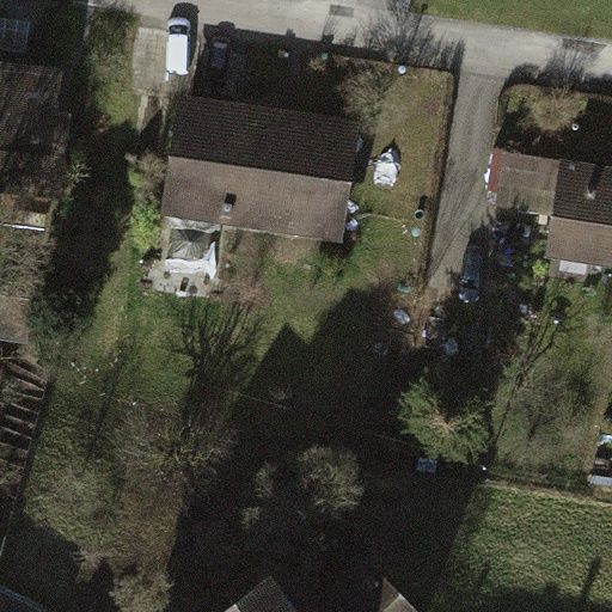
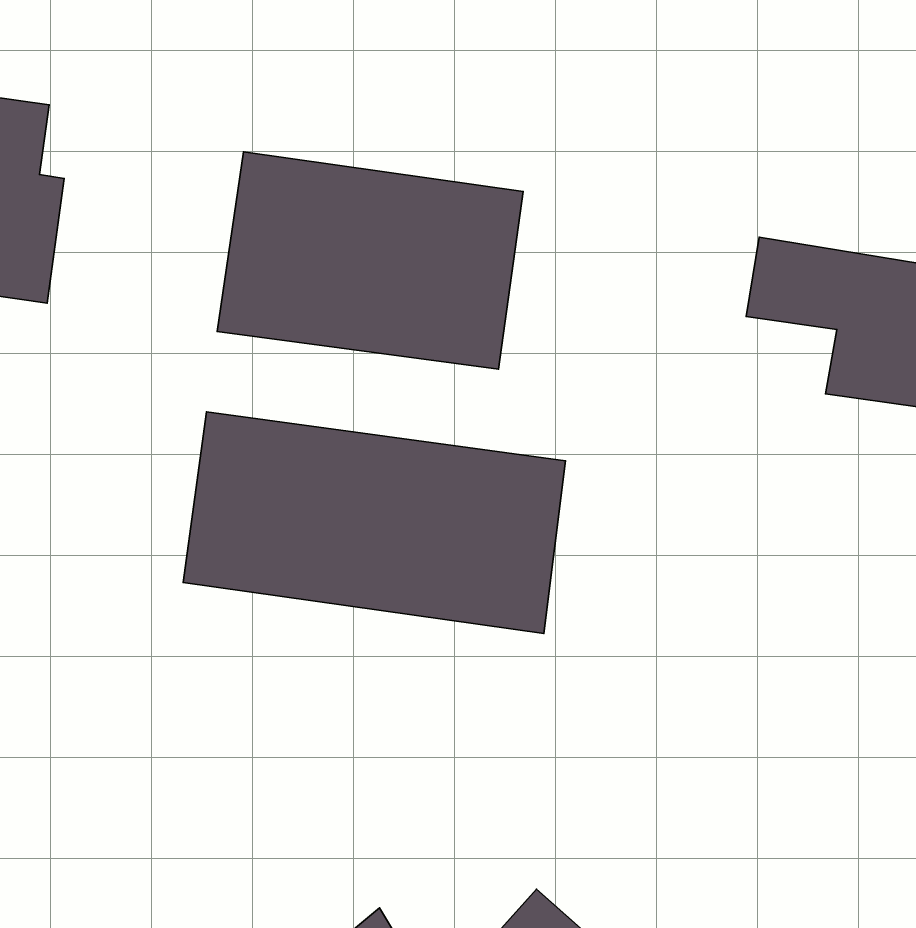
building: none -> [183,412,566,633]

